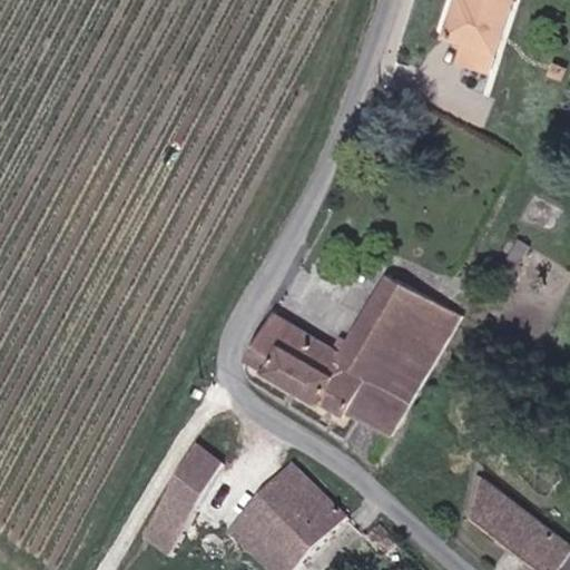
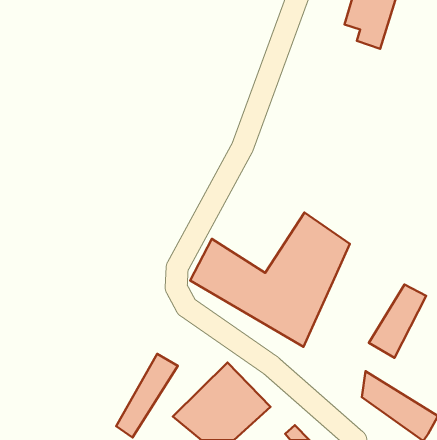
building: none -> [369,285,426,358]

